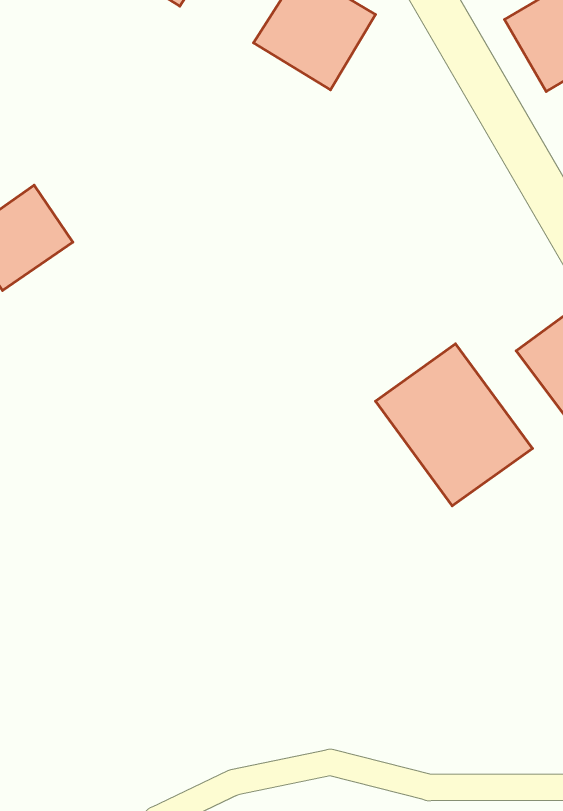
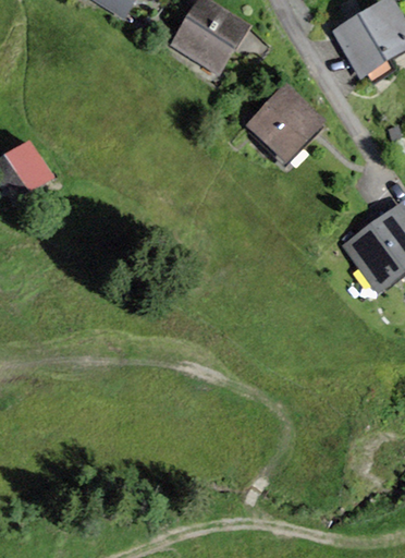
building: none -> [245,83,327,163]
building: [375,344,532,506] -> none

